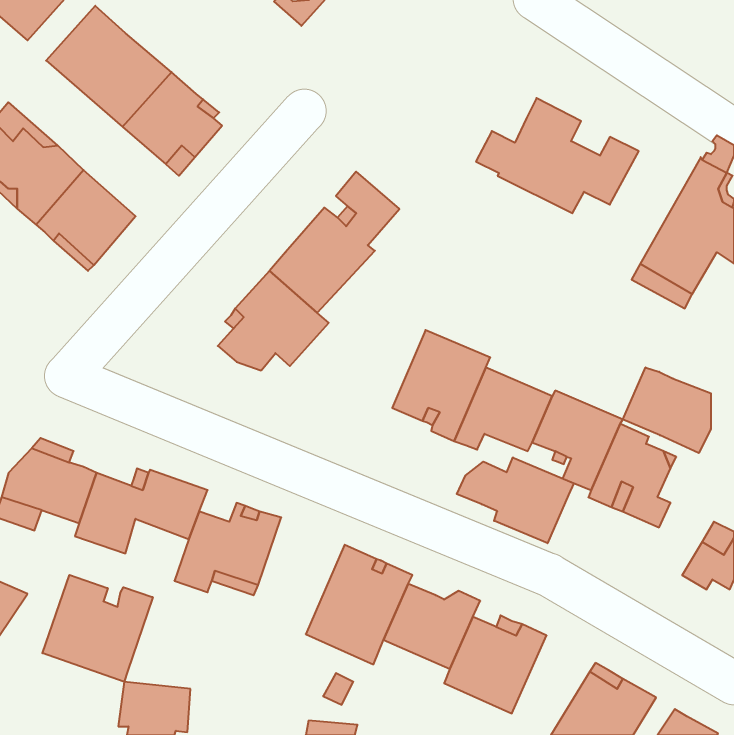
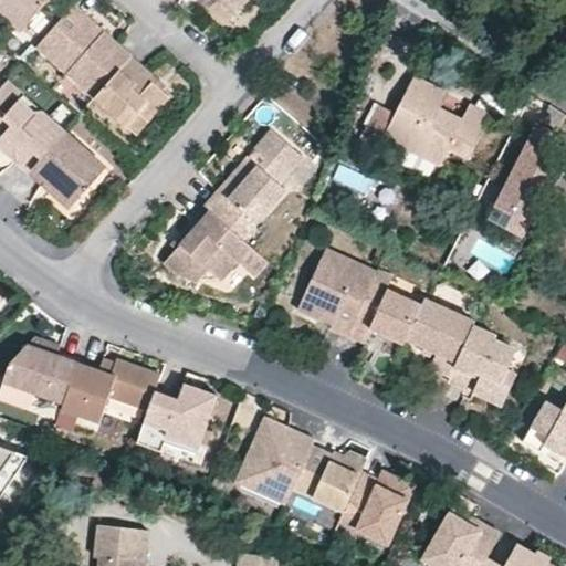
building: [623,367,711,453] -> none
building: [457,457,574,543] -> none
building: [42,575,153,682] -> none

